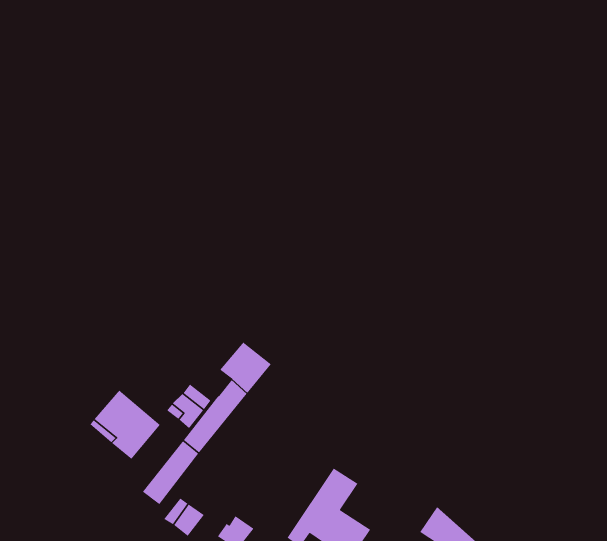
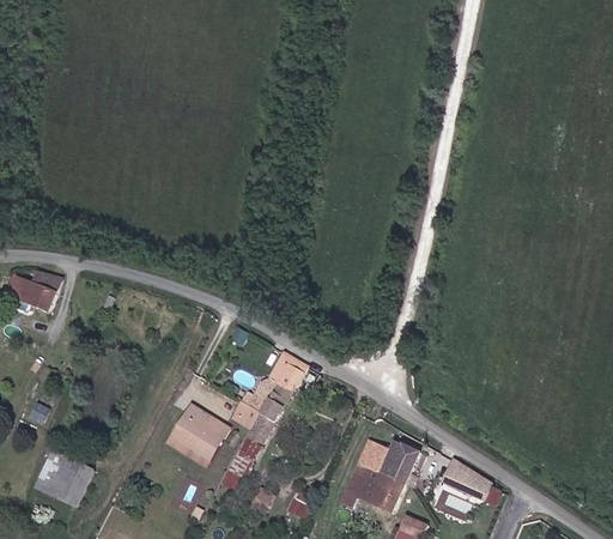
building: none -> [380,441,420,485]

